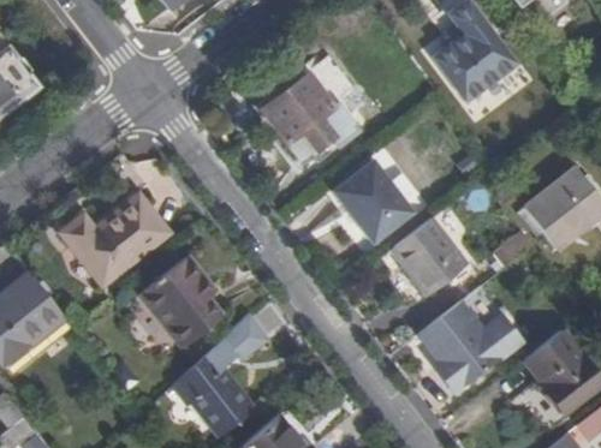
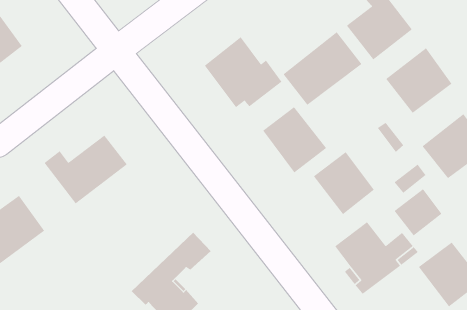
building: none -> [282,31,362,106]
building: none -> [385,47,453,114]
building: [138,255,220,347] -> none
building: none -> [393,188,442,237]

